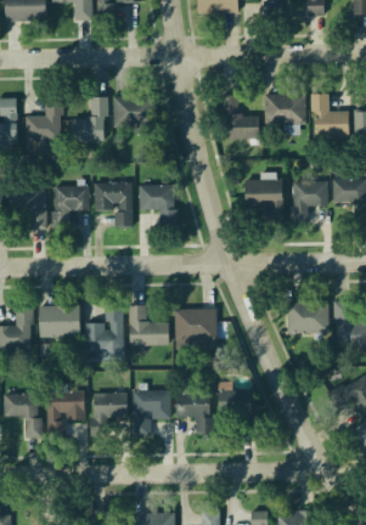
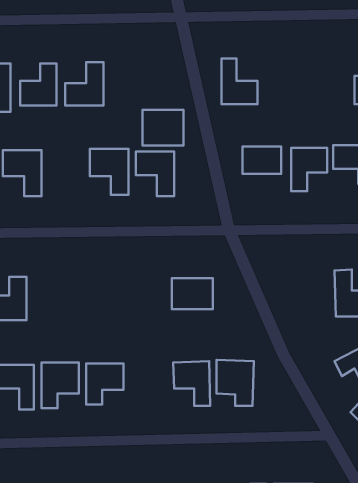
building: [265,94,305,125] -> none
building: [312,94,348,136] -> none
building: [114,96,154,131] -> [142,110,183,146]
building: [54,186,90,230] -> none
building: [288,301,328,333] -> none
building: [40,305,79,338] -> none
building: [86,305,124,350] -> none
building: [130,305,168,344] -> none
building: [134,390,170,436] -> none

